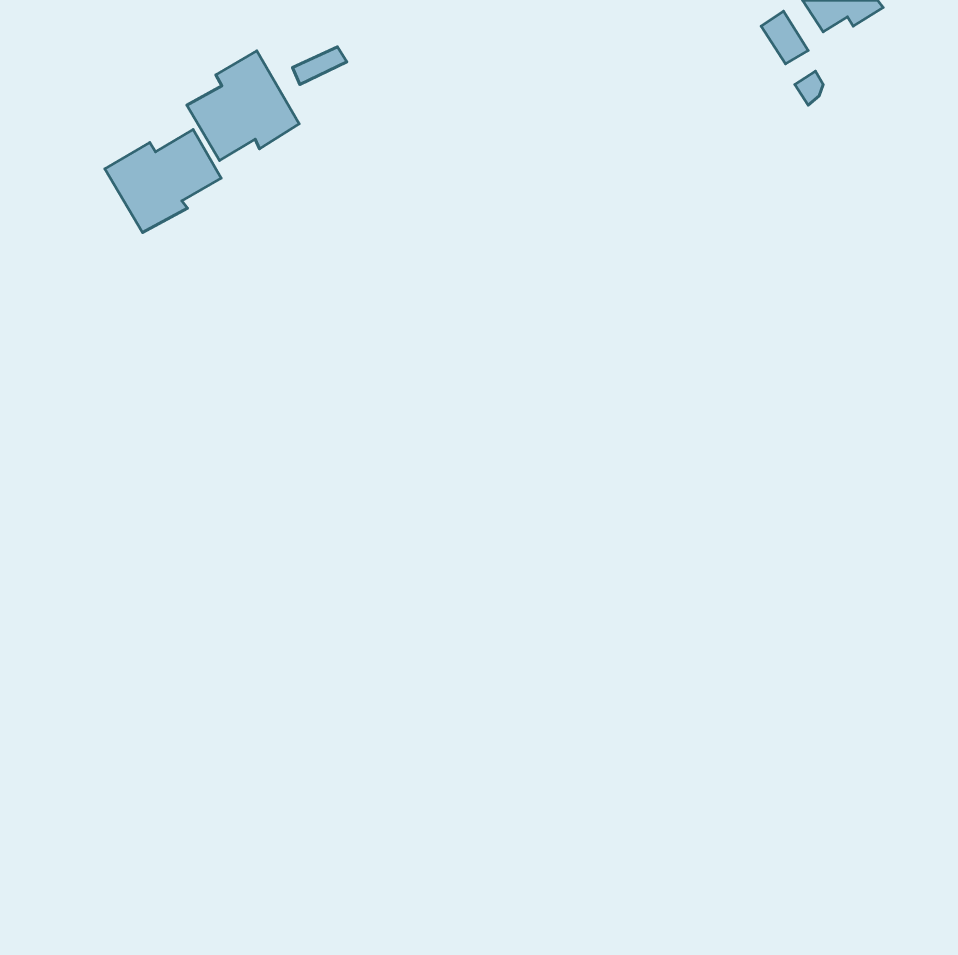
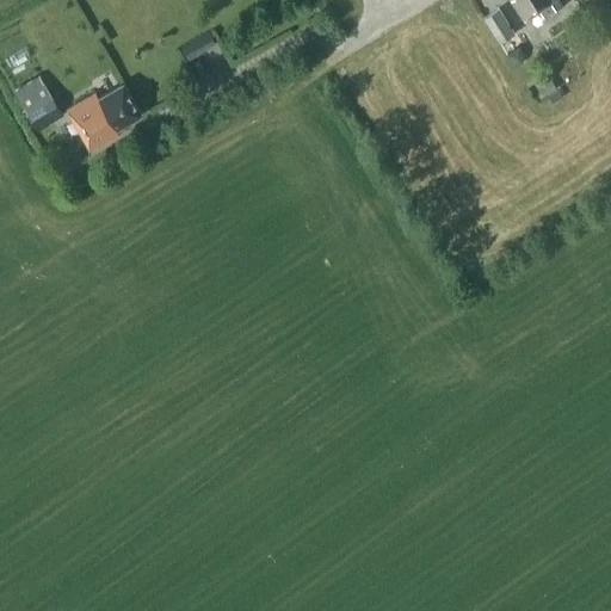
building: [187,51,299,161] -> none
building: none -> [17,81,63,131]

